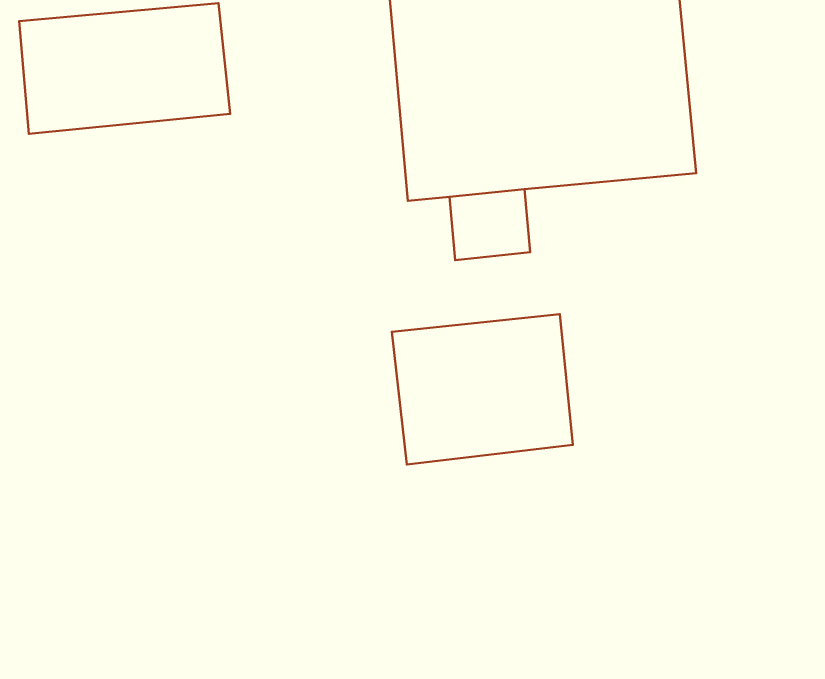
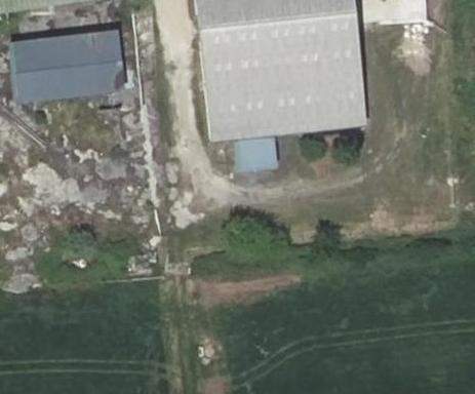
building: [392,314,573,465] -> none

